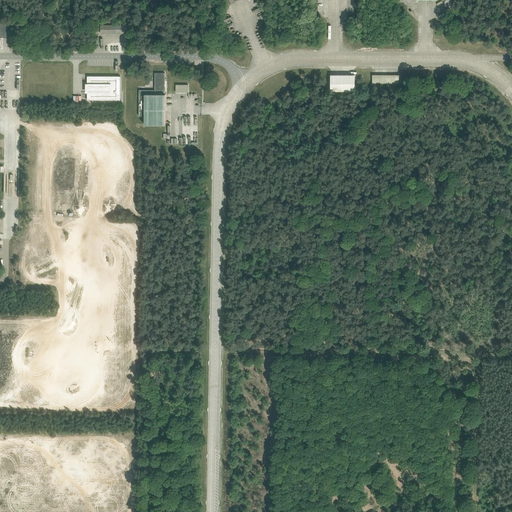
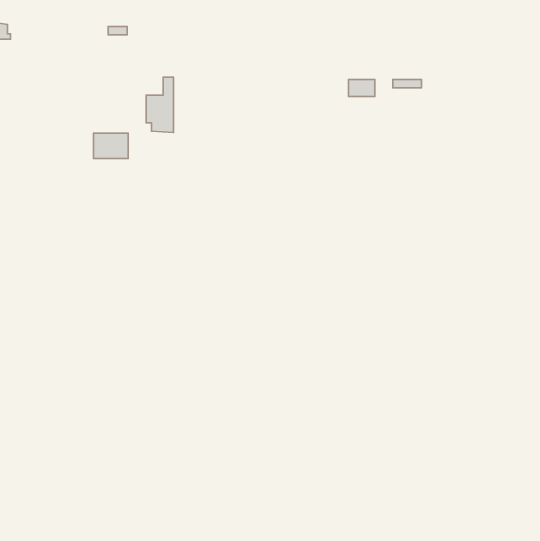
building: [86,76,119,100] -> [93,133,128,159]

